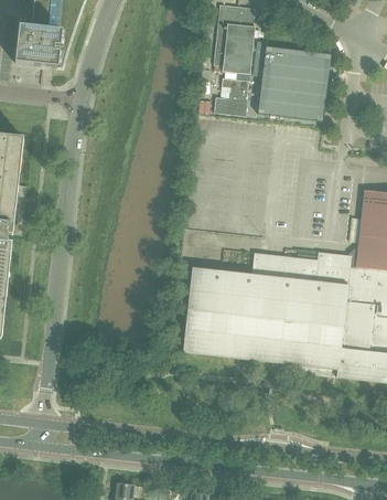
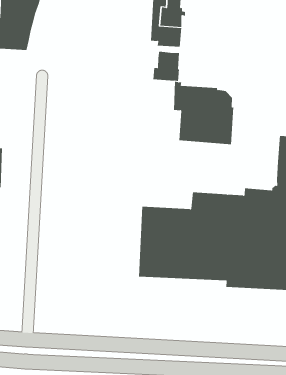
building: [252,40,327,121] -> [173,81,234,145]

